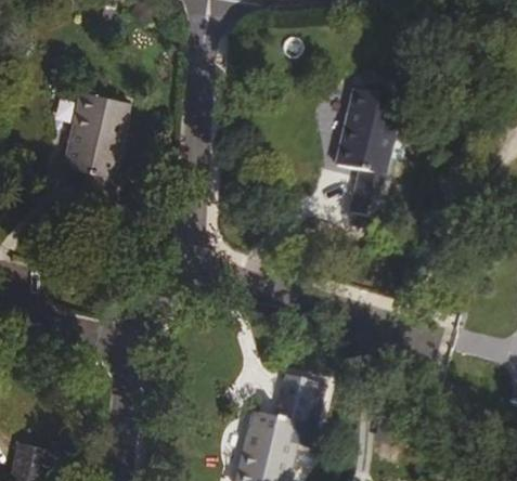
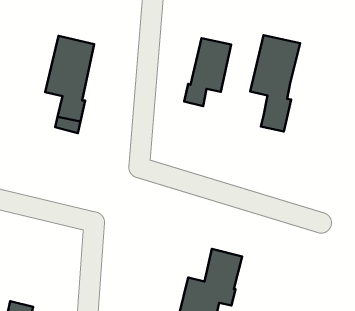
building: none -> [184,38,231,106]

